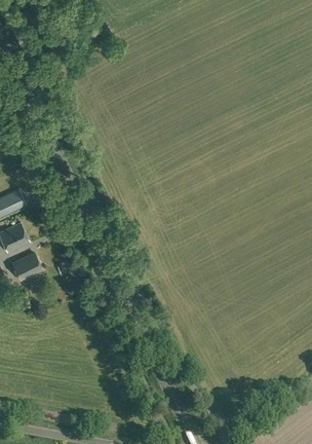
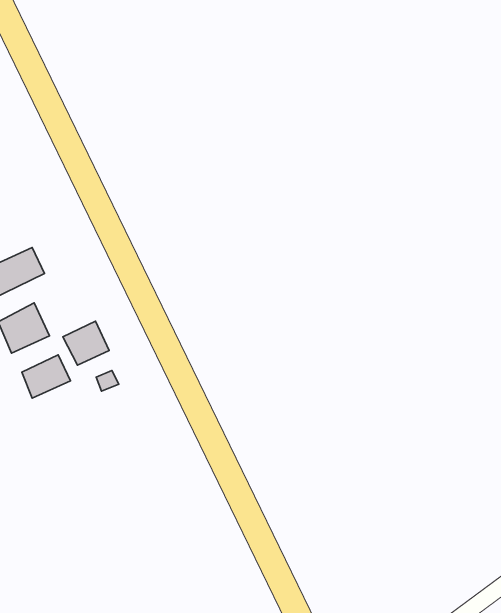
building: none -> [63,321,109,365]

